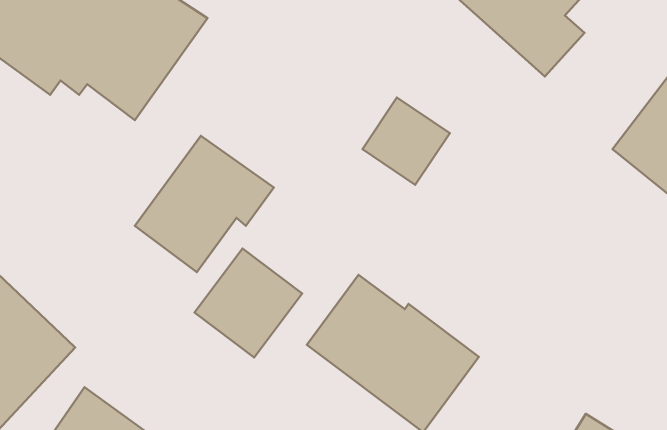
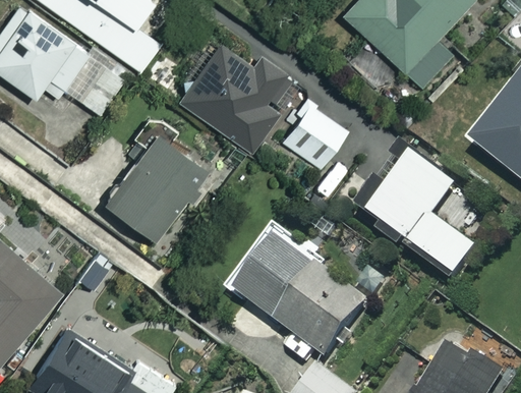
building: none -> [178,41,300,150]
building: none -> [370,167,477,289]
building: [195,248,302,358] -> none

